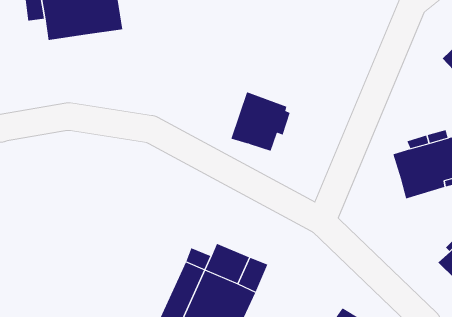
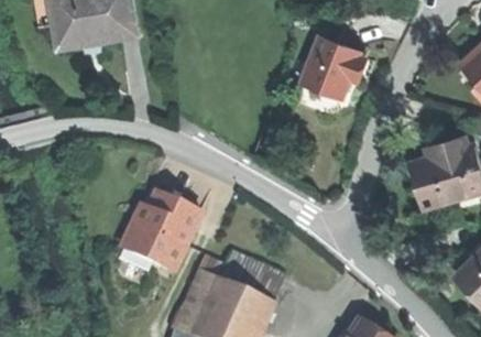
building: [230,91,291,152] -> [302,36,363,98]
building: none -> [124,193,201,274]

